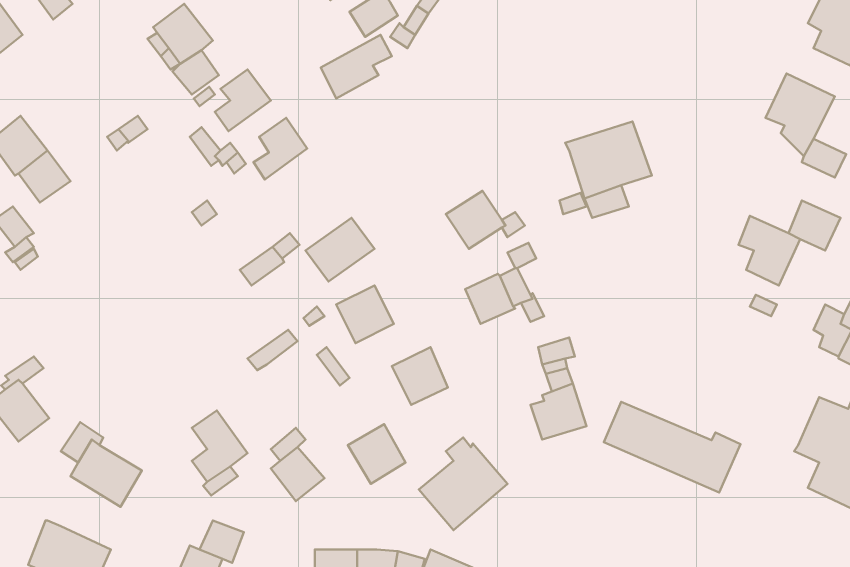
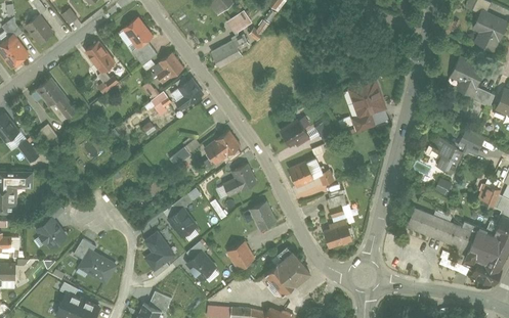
building: none -> [84,42,115,74]
building: none -> [167,209,195,237]
building: [604,402,740,492] -> [404,203,476,252]

